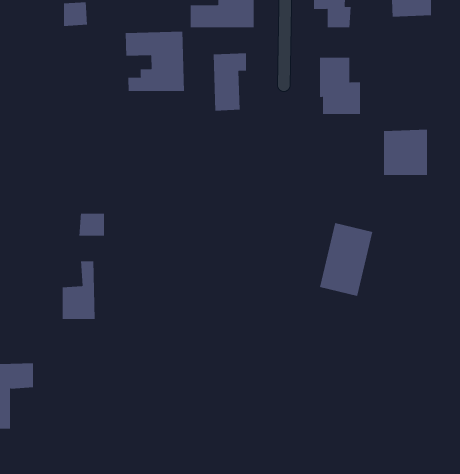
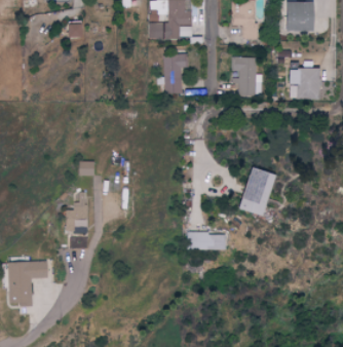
building: [125,31,185,92] -> none
building: [383,129,428,176] -> [290,68,319,99]
building: none -> [187,232,225,249]

